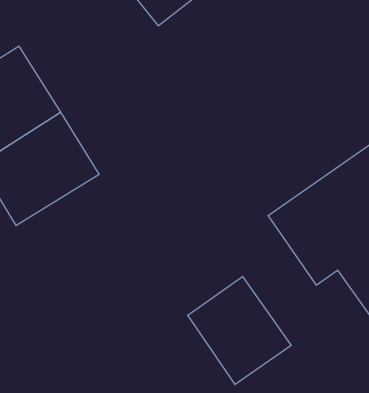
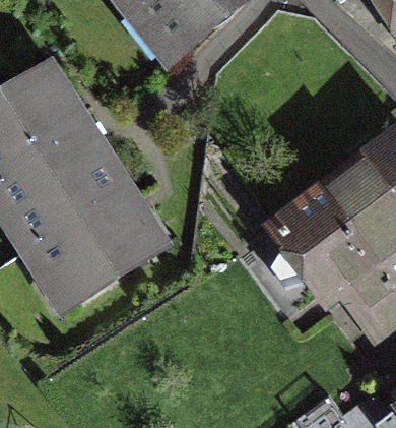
building: none -> [37,189,153,299]
building: [188,276,291,385] -> none

